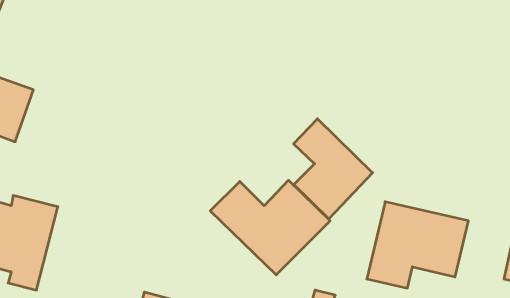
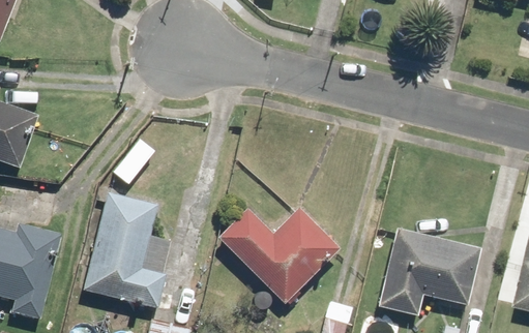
building: [294,119,373,219] -> none
building: none -> [84,192,167,308]

